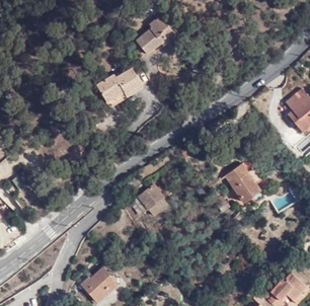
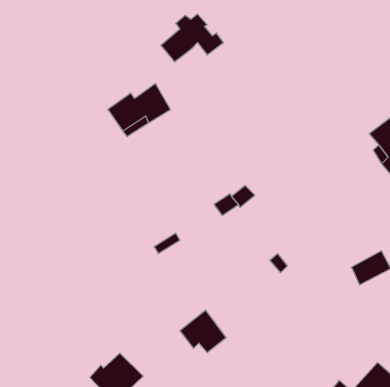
building: [224,161,258,199] -> none
building: [134,184,168,216] -> [180,310,226,353]

